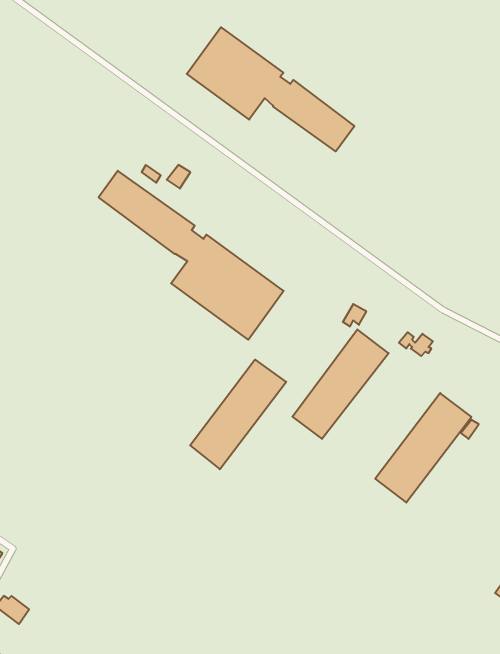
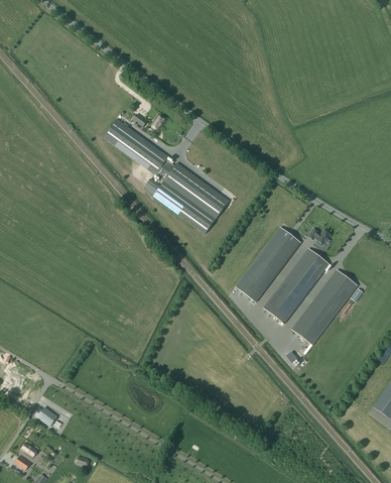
building: [187,27,354,151] -> none
building: [190,360,286,469] -> [263,248,329,323]

